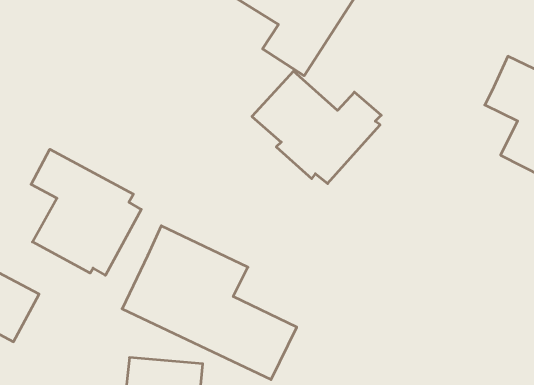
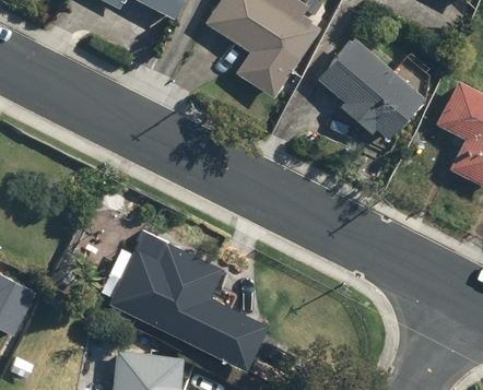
building: [252,71,381,184] -> [318,37,434,138]
building: [31,149,141,275] -> none

